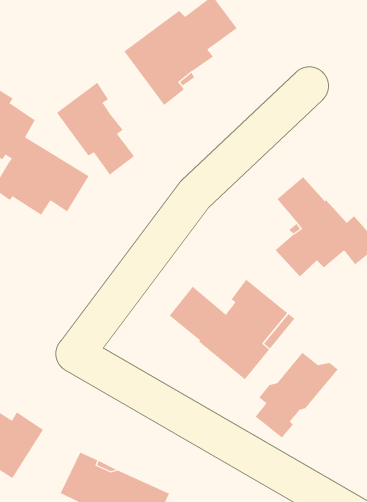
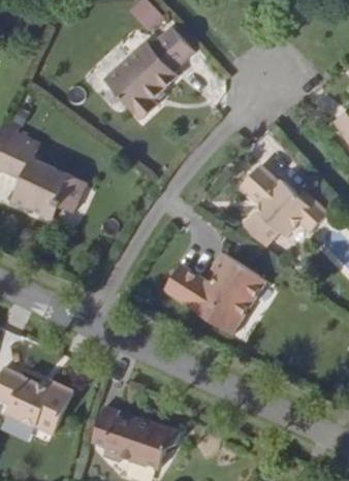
building: [56,82,135,175] -> none
building: [255,352,339,438] -> none

